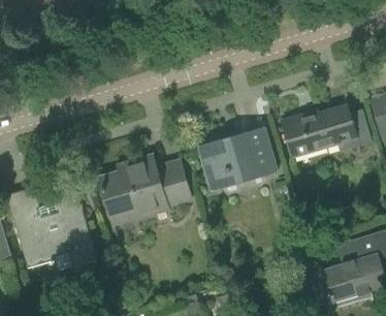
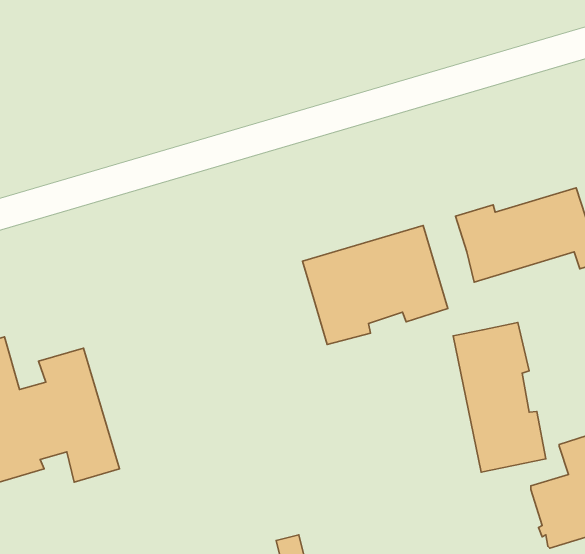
building: [98,156,191,224] -> none
building: none -> [453,322,546,472]

